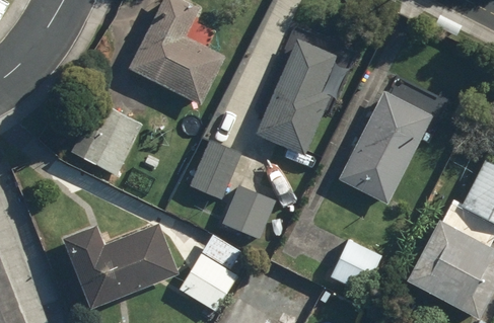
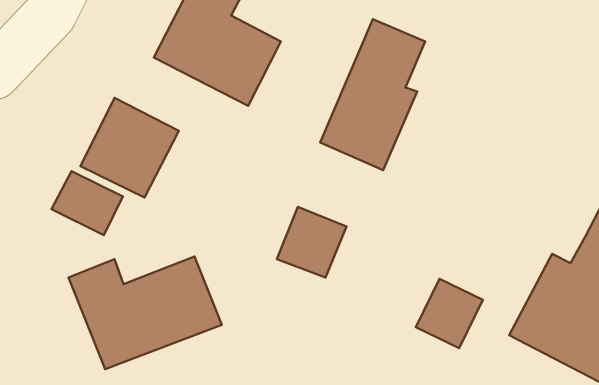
building: [338,92,432,205] -> none
building: [190,140,243,200] -> none
building: none -> [51,171,123,235]
building: [180,234,243,312] -> none

